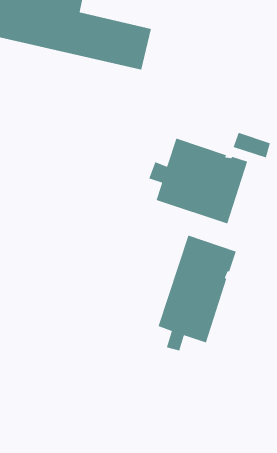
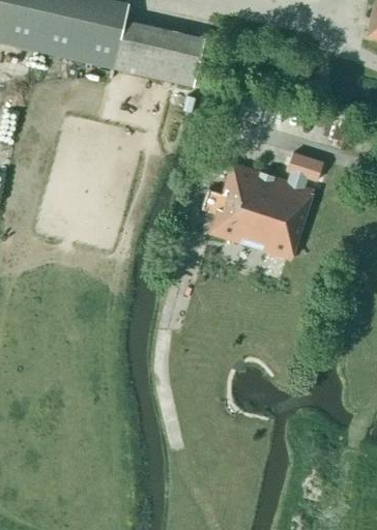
building: [158,234,237,352] -> none

